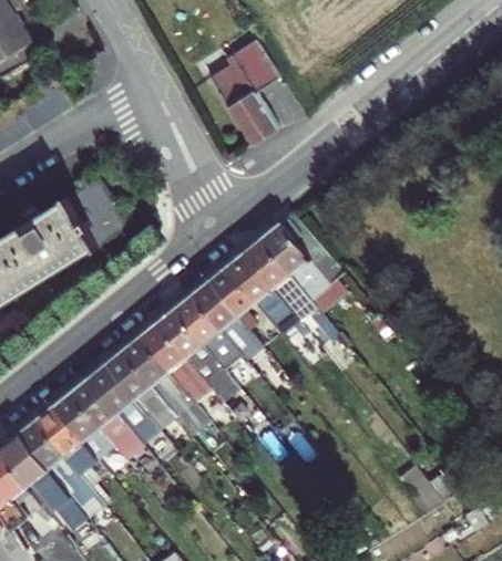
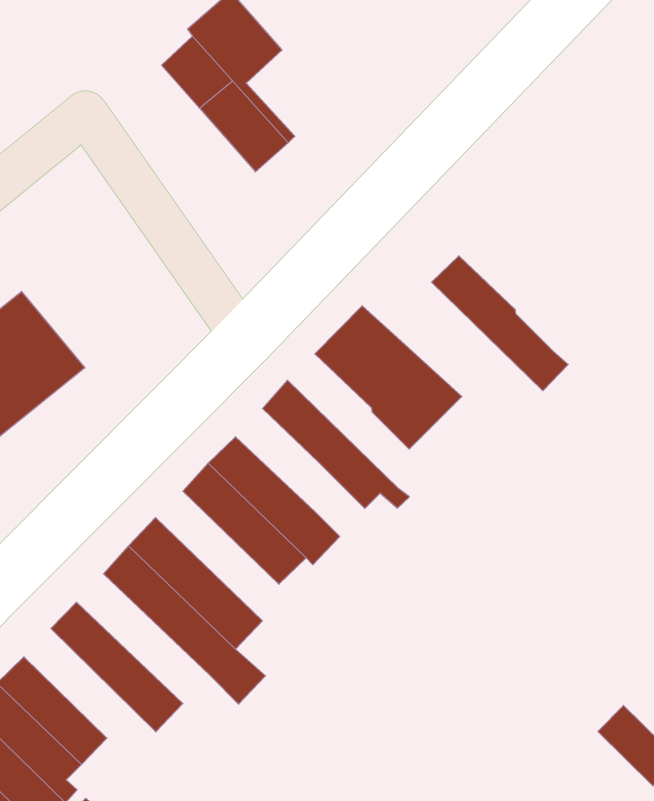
building: [244,238,317,322] -> [432,256,568,391]
building: [209,266,256,330] -> none
building: [157,308,240,402] -> none
building: [105,350,177,430] -> none
building: [71,377,142,458] -> none

